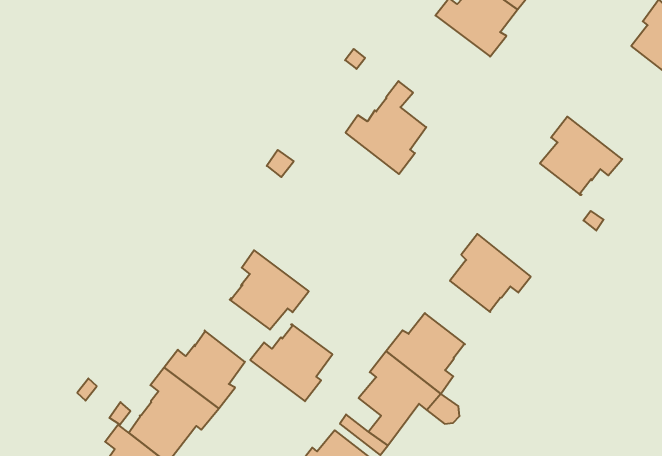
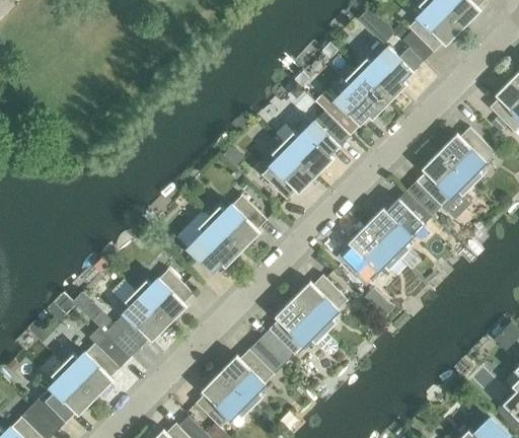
building: none -> [324,68,390,135]
building: none -> [439,127,495,185]
building: none -> [261,142,316,199]
building: none -> [366,191,431,259]
building: [250,324,332,401] -> [209,195,267,249]

